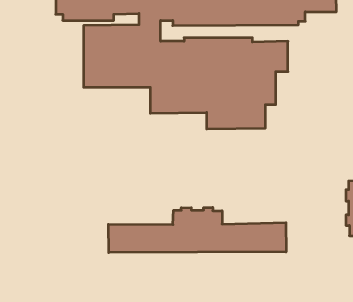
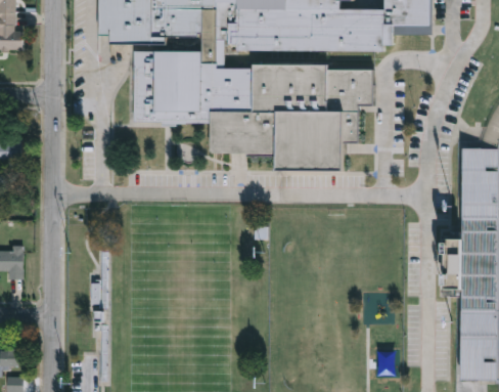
building: [108,207,286,253] -> none

